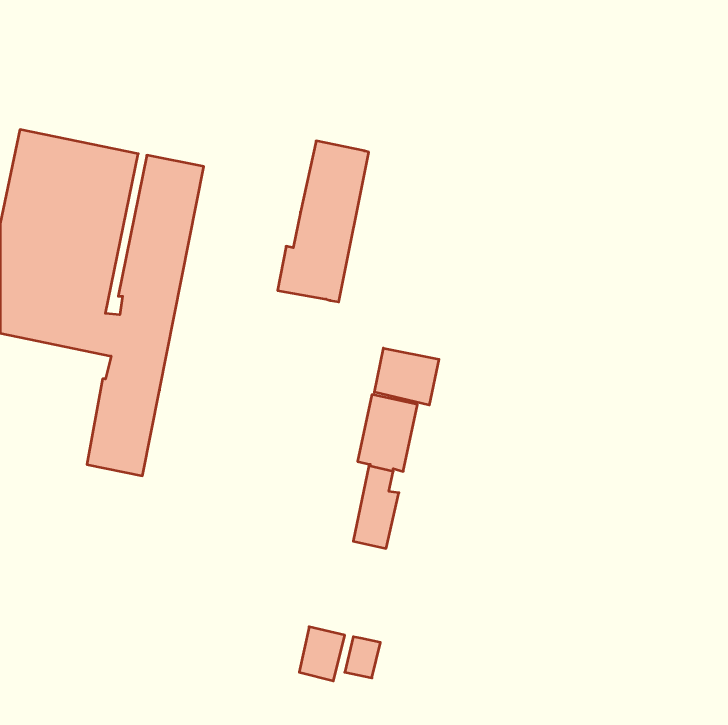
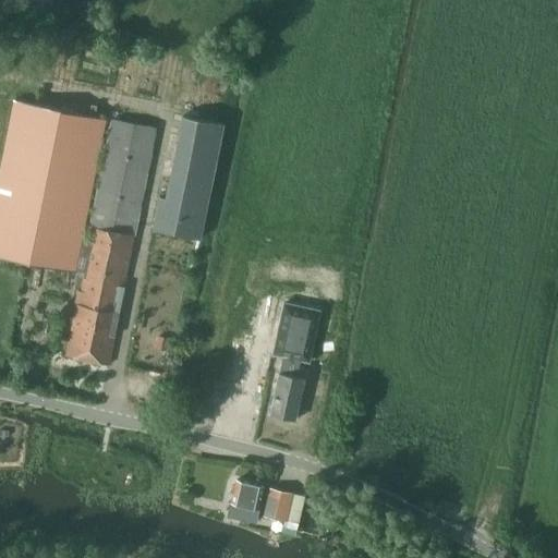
building: [278,141,369,302] -> [154,117,223,240]
building: [374,348,439,405] -> none

